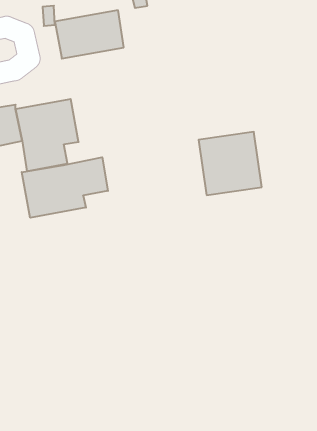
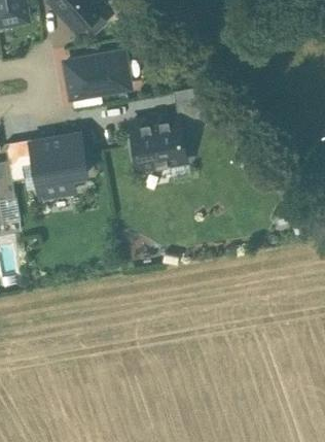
building: [199,132,262,195] -> [130,113,187,171]
building: [22,157,108,218] -> none

